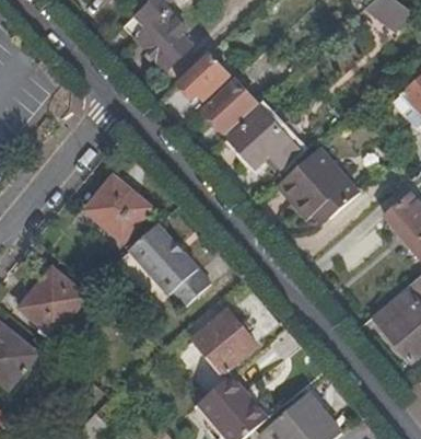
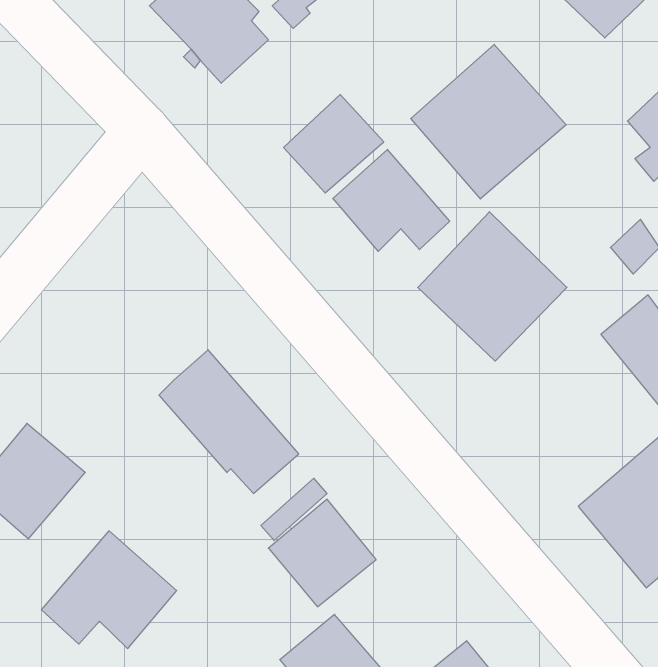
building: none -> [411,44,566,199]
building: [178,54,230,101] -> none
building: [87,177,149,240] -> none
building: none -> [42,531,177,649]

